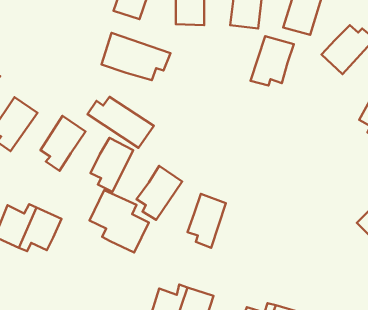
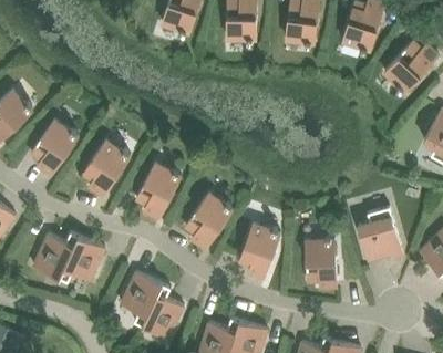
building: [102,33,170,80] -> none
building: [250,36,294,86] -> none
building: [87,97,154,148] -> none
building: none -> [358,206,403,260]
building: [90,190,149,253] -> [121,271,184,338]
building: none -> [305,237,337,288]

